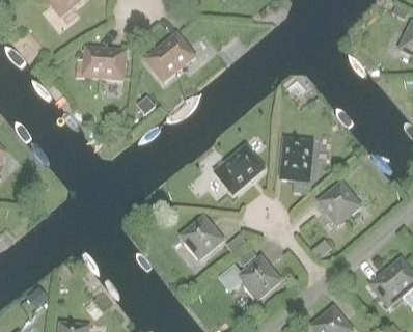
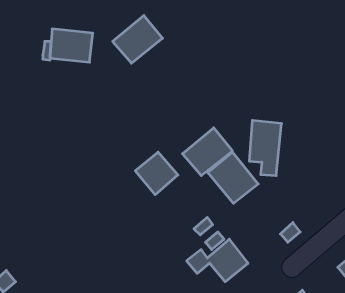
building: none -> [208,152,258,203]
building: [318,182,360,224] -> none
building: [181,216,223,258] -> [135,152,178,195]

